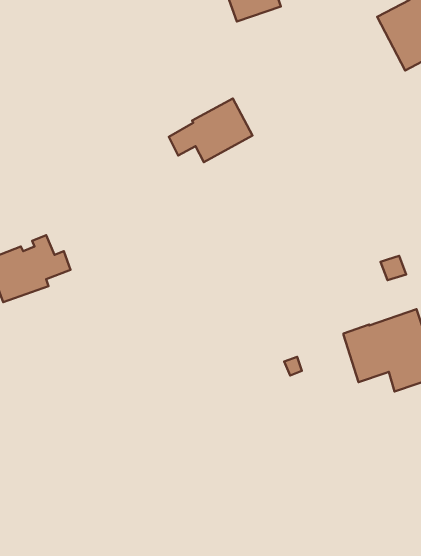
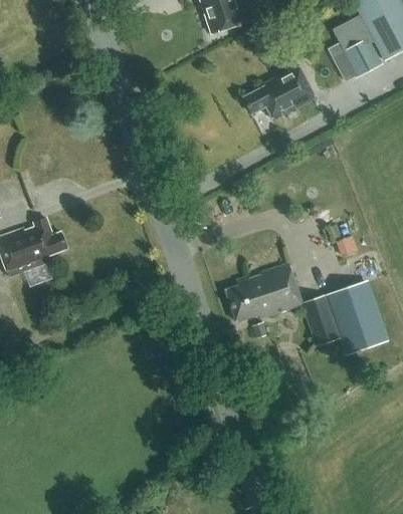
building: [169,99,252,162] -> [243,63,316,118]
building: none -> [226,262,303,319]

